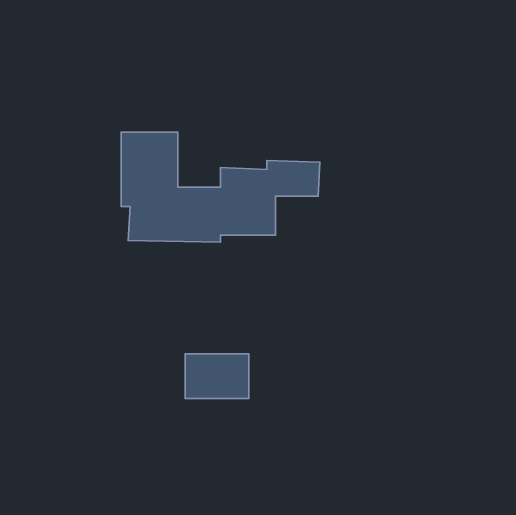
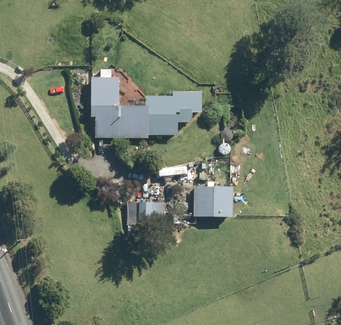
building: none -> [194,186,232,216]

